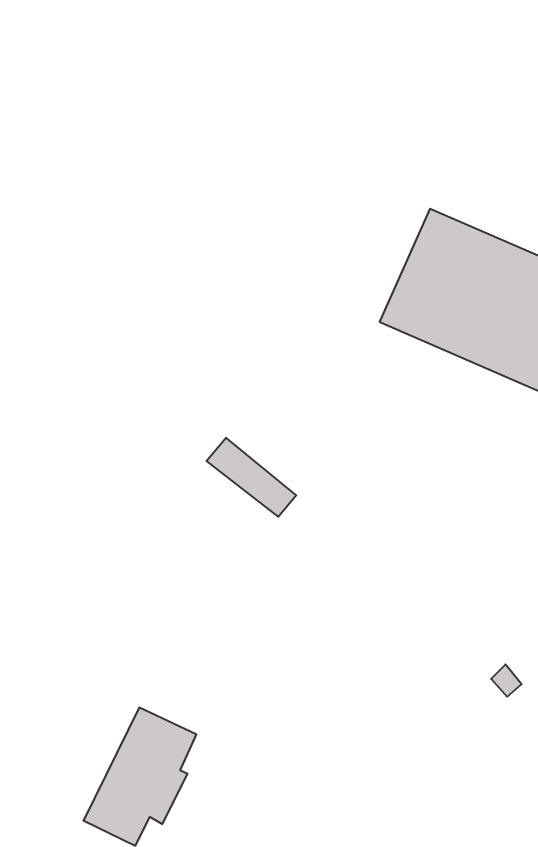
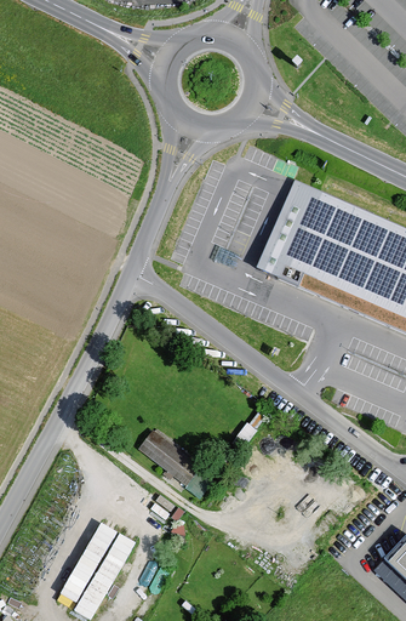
building: [206,438,296,517] -> [139,429,200,483]

